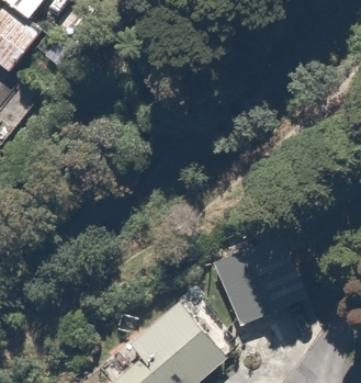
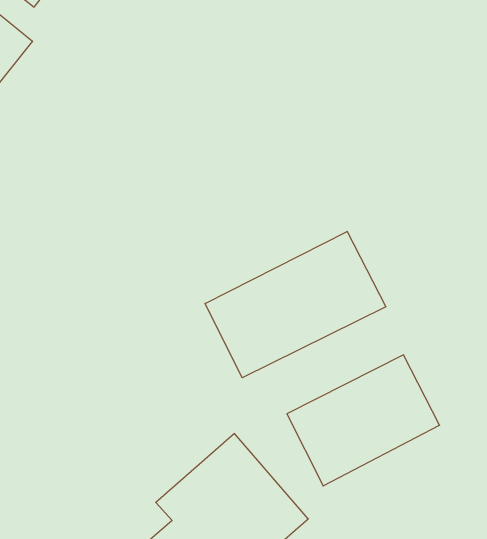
building: none -> [205,231,386,378]

